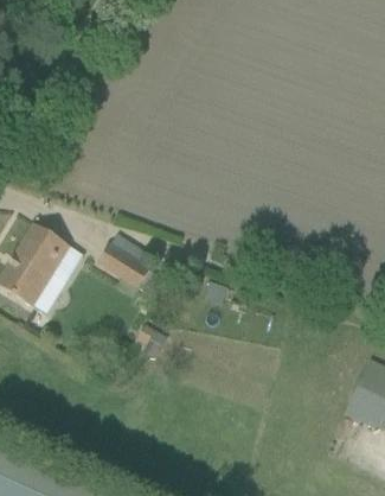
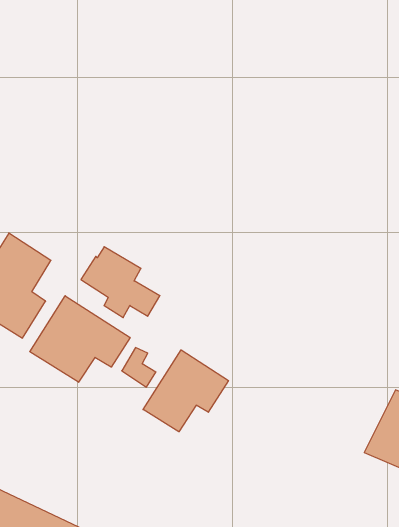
building: none -> [30,296,130,382]
building: none -> [143,350,228,432]

